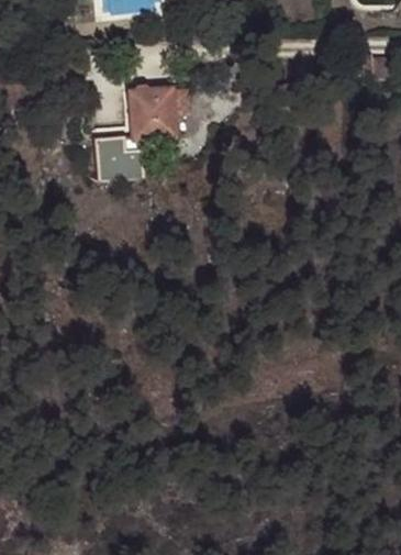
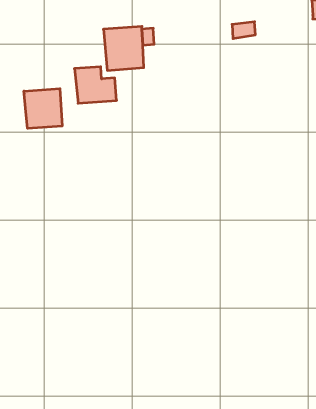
building: none -> [24,89,62,128]

